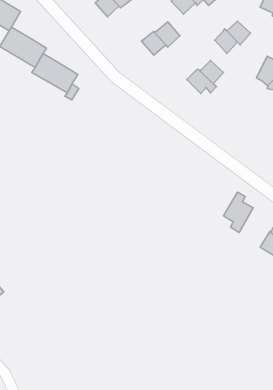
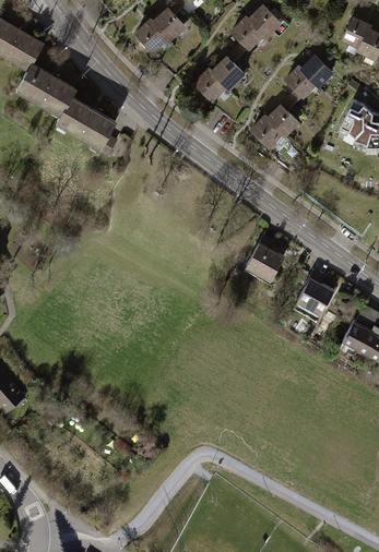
building: none -> [246,235,284,279]

